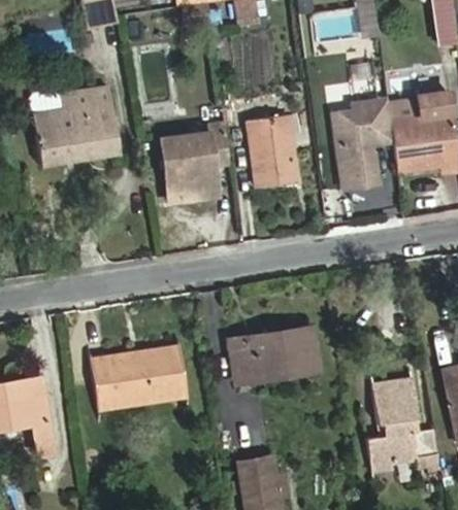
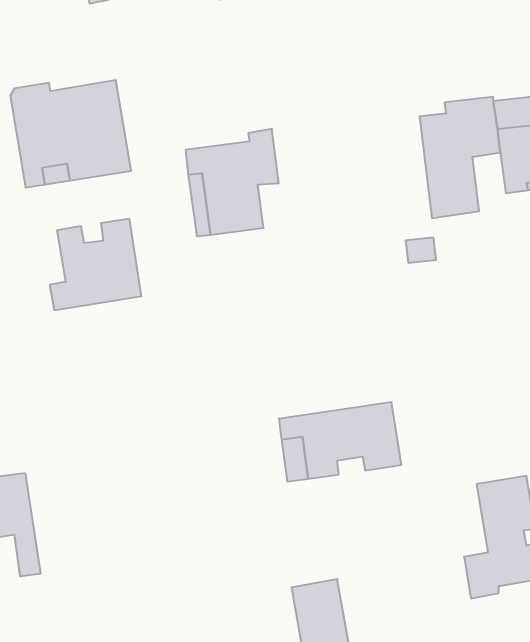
building: [248,114,296,189] -> none
building: none -> [50,219,141,310]
building: [90,346,187,409] -> none

